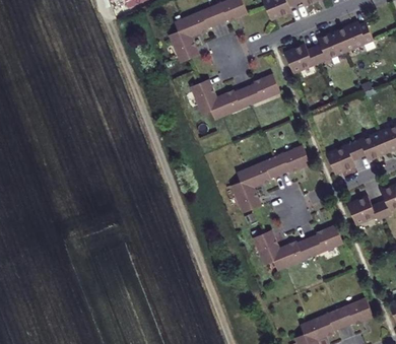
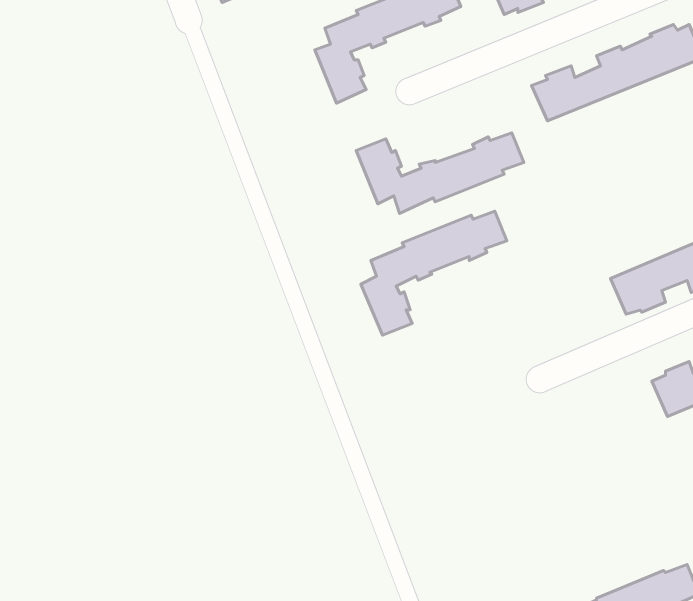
building: [237,148,312,212] -> [361,211,507,335]
building: [258,228,344,270] -> none

